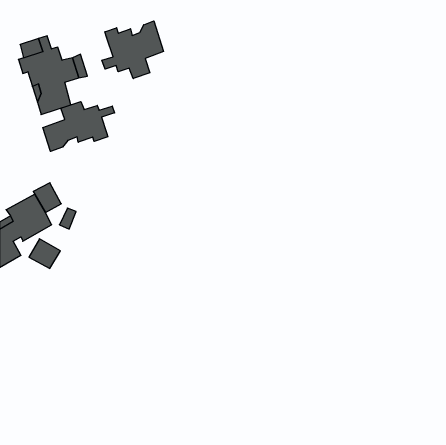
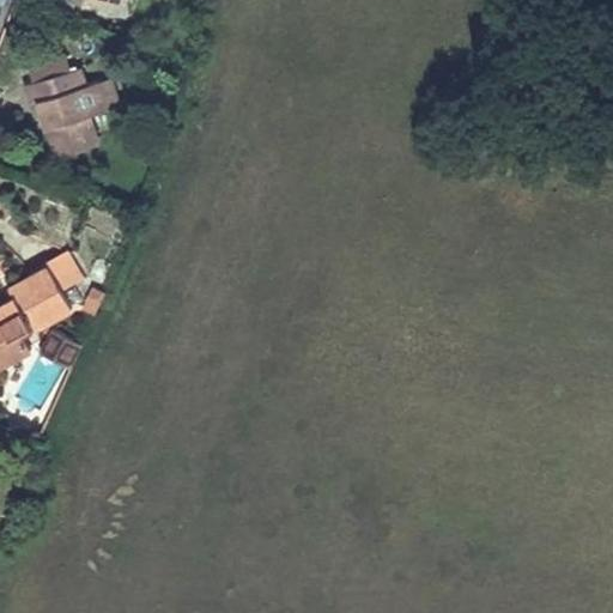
building: [102,21,164,79] -> none
building: [43,102,115,151] -> none

